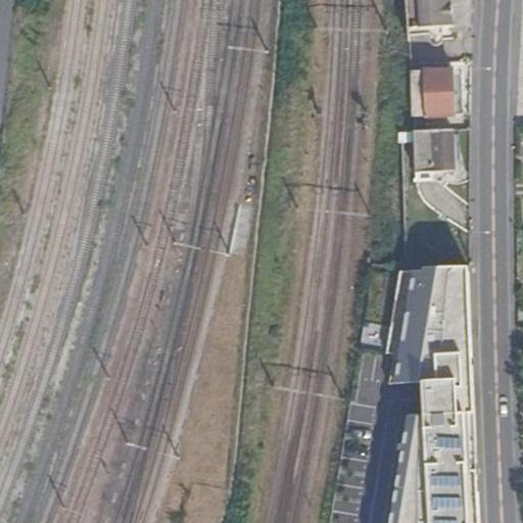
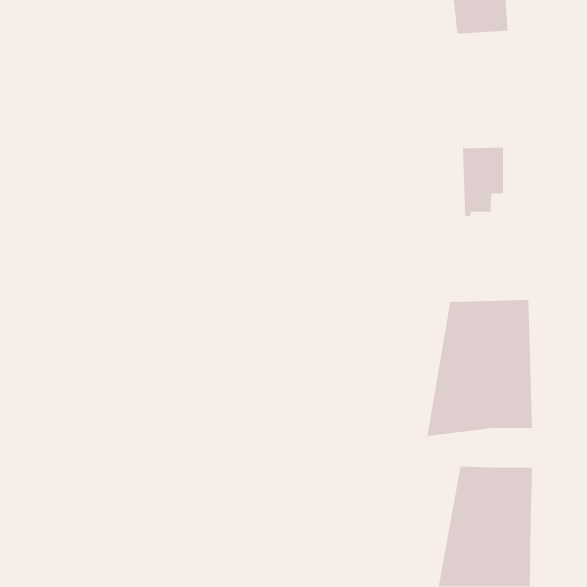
building: [406,67,448,114] -> none
building: [434,379,471,413] -> none

